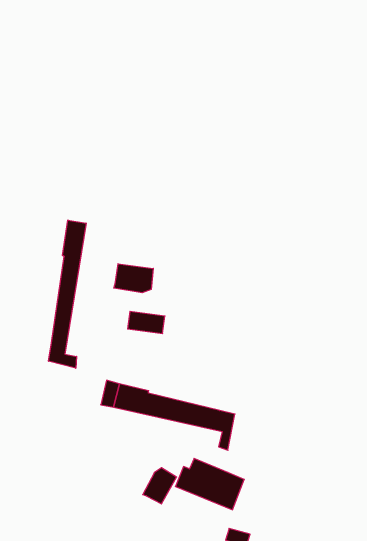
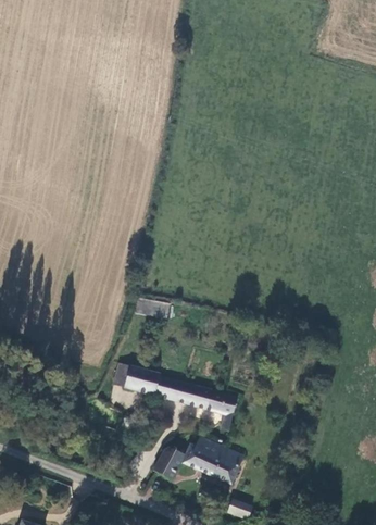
building: [49,220,86,368] -> none
building: [114,264,153,293] -> none

